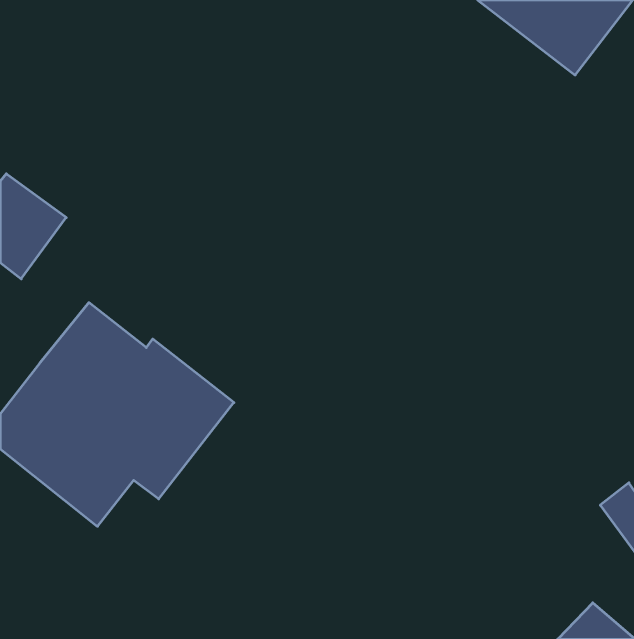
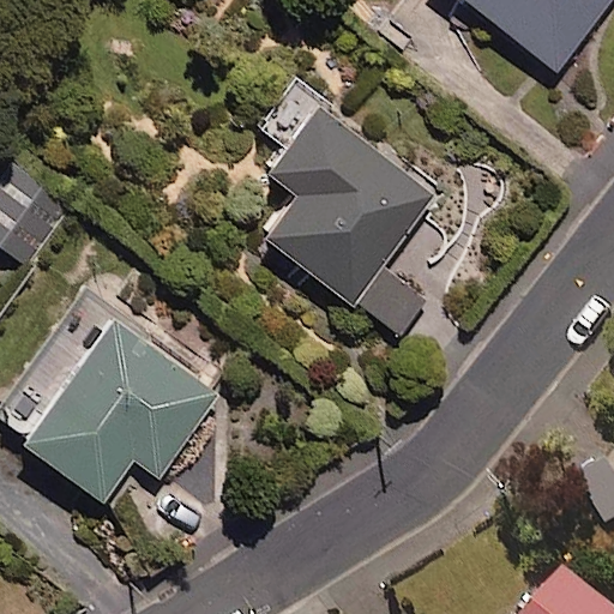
building: none -> [258,80,438,337]

